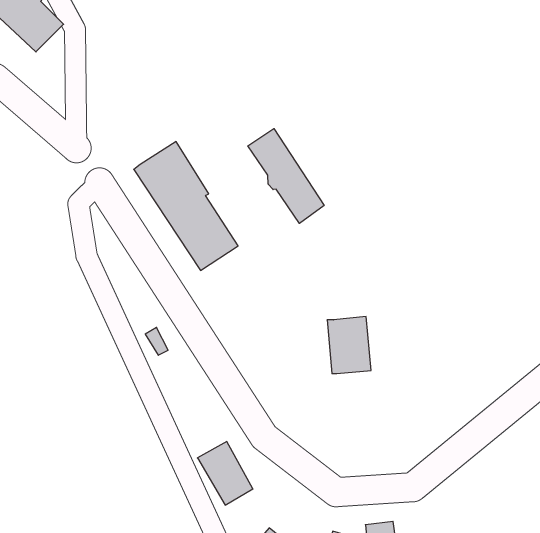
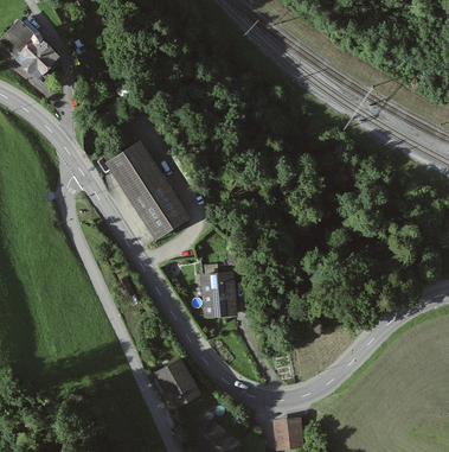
building: [248,129,324,223] -> none
building: [327,317,371,374] -> [206,274,238,316]

